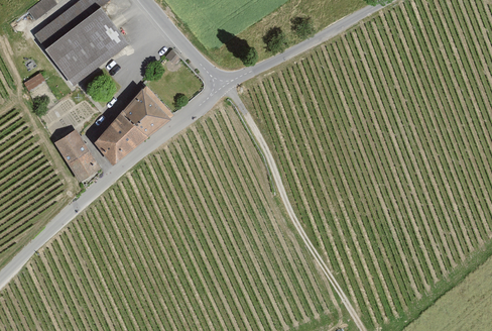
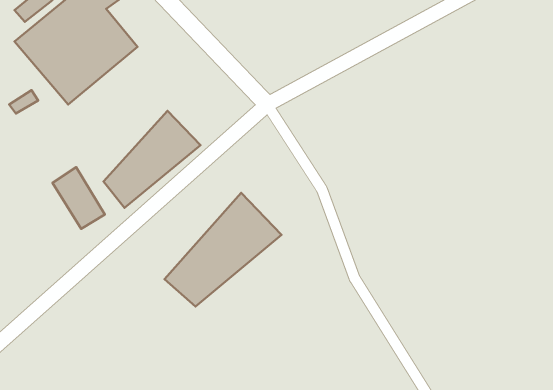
building: none -> [165,193,282,306]

